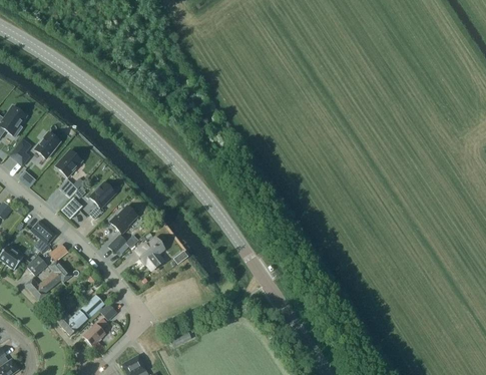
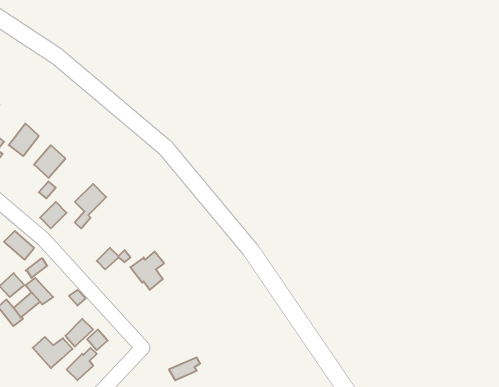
building: [108,205,137,234] -> none

